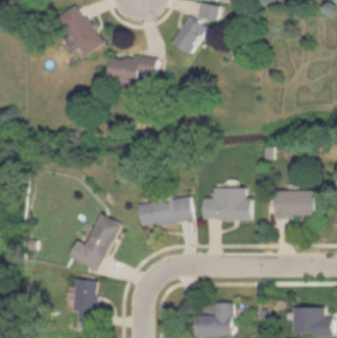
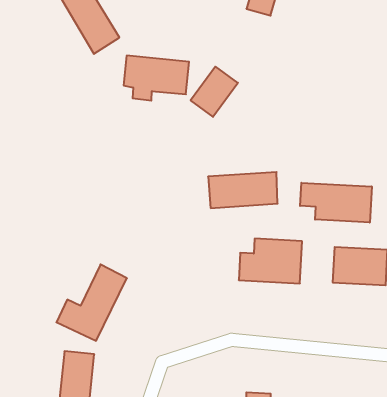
building: [173,16,207,54] -> [191,67,238,117]
building: none -> [300,183,372,223]
building: [139,197,192,227] -> [208,172,278,208]

